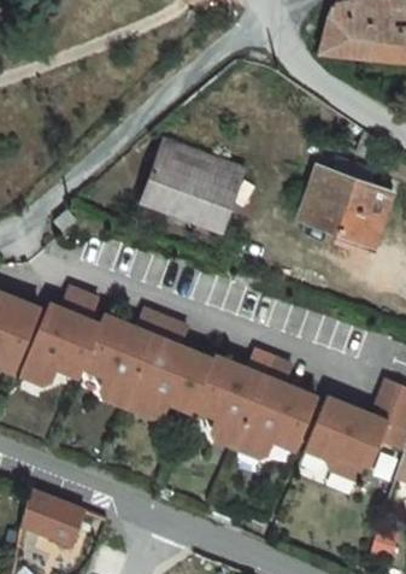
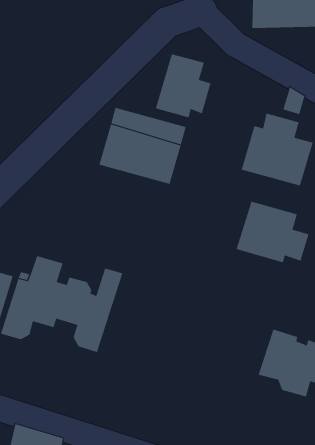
building: none -> [155,53,211,118]
building: none -> [236,201,309,263]
building: [133,327,317,458] -> none

